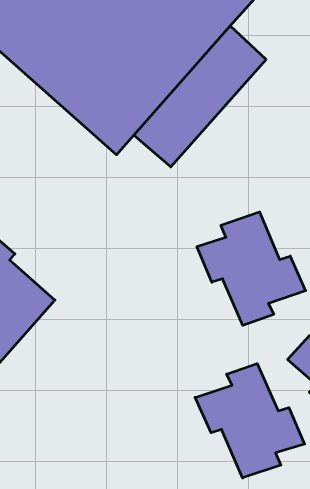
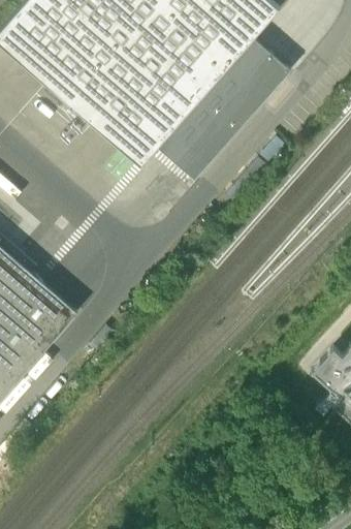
building: [197,212,306,325] -> none
building: [195,364,305,478] -> none

